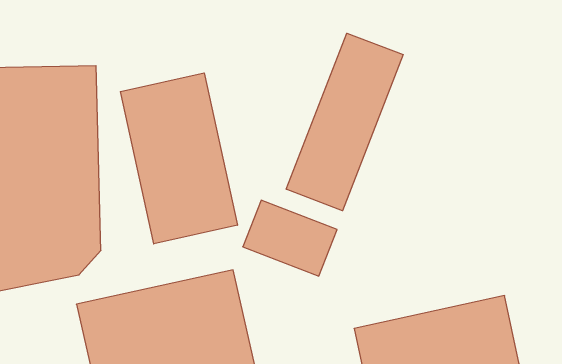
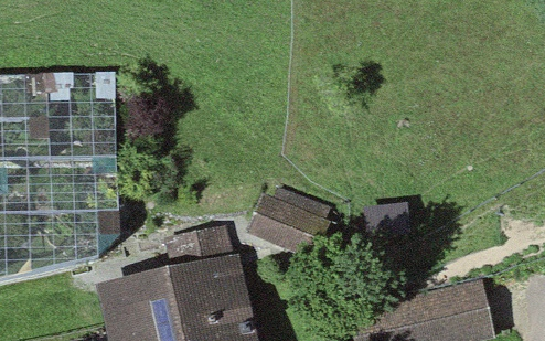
building: [286,33,403,211] -> none
building: [120,73,237,244] -> none

